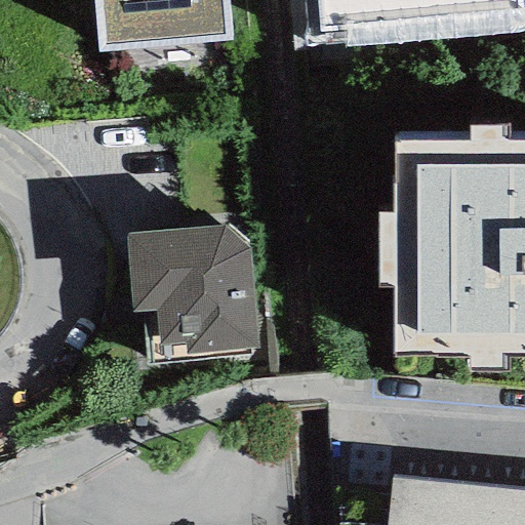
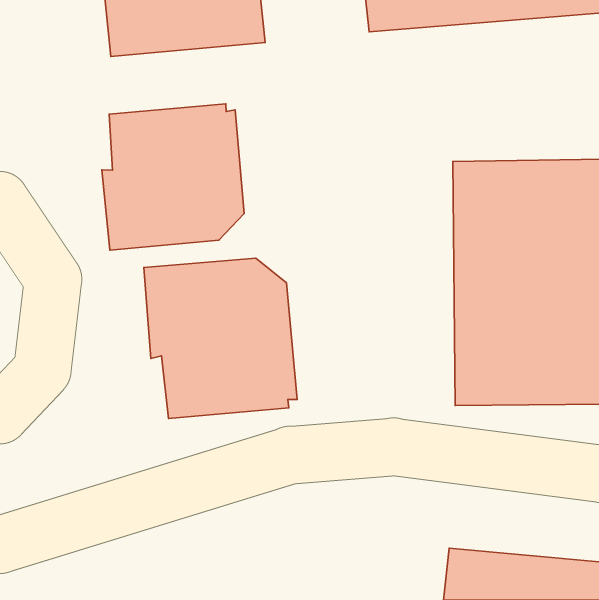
building: none -> [102,104,244,250]

